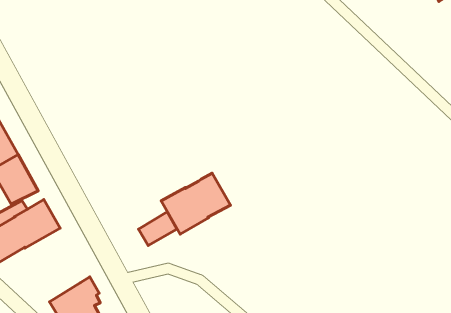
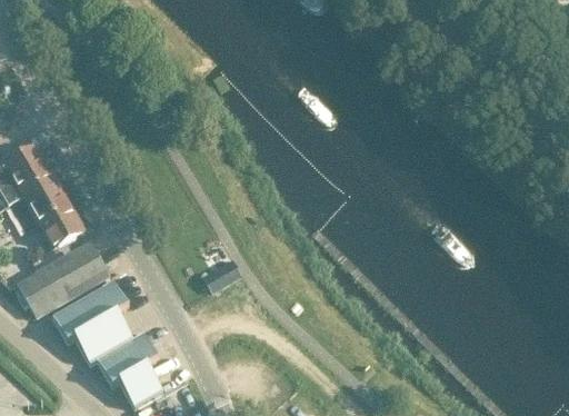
building: [161,173,230,234] -> none
building: none -> [52,279,133,365]

